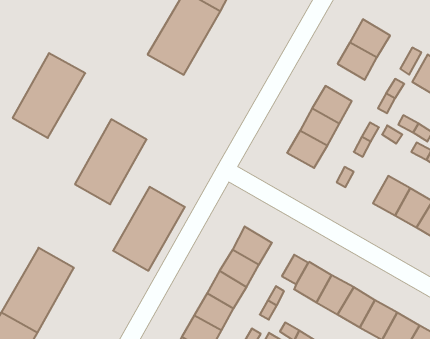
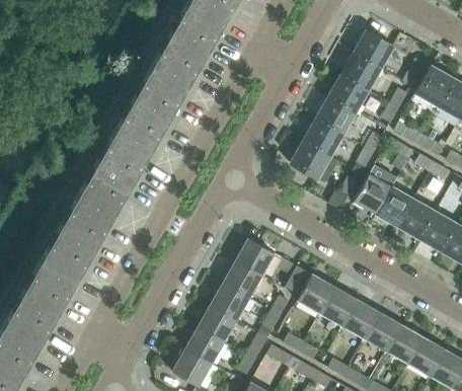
building: [13,53,85,138] -> [114,66,187,151]
building: none -> [329,75,369,112]
building: none -> [355,174,392,215]
building: [113,187,185,271] -> [42,196,113,280]

